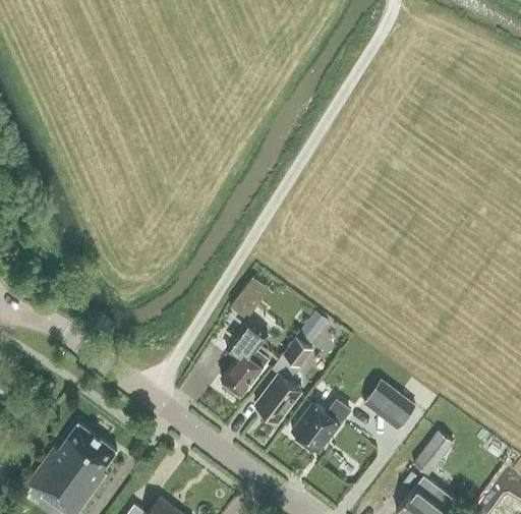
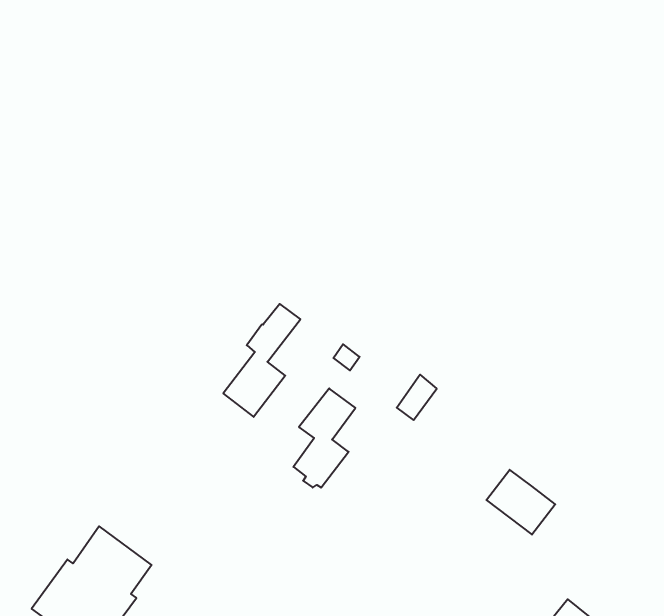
building: [255,338,312,421] -> [223,304,300,417]
building: [292,401,349,452] -> none
building: [412,430,453,475] -> none

